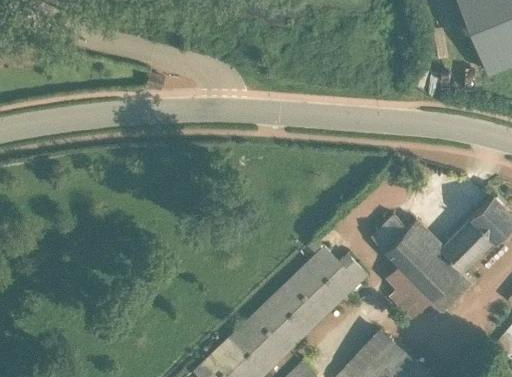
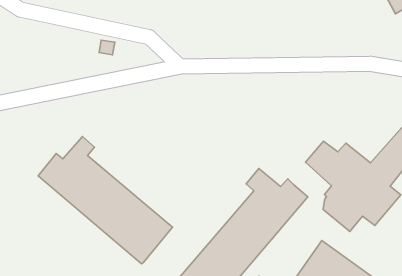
building: none -> [38,136,172,264]

